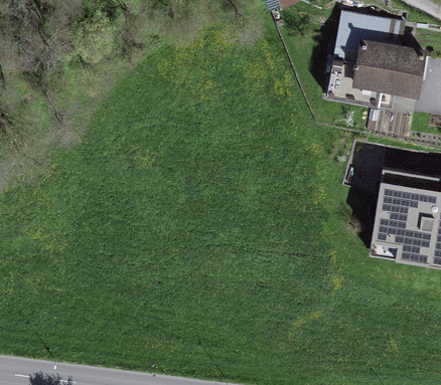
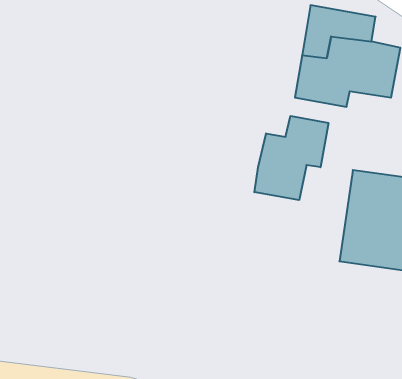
building: none -> [254,116,328,200]

